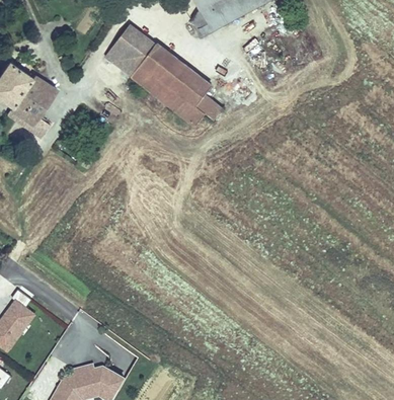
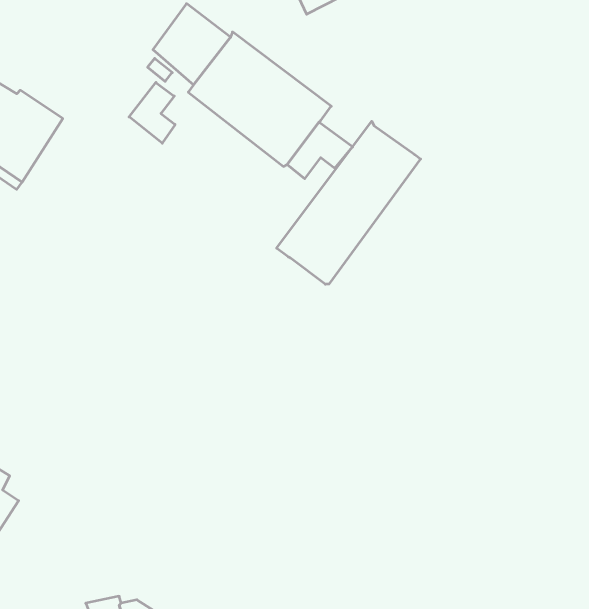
building: none -> [129,82,175,143]
building: none -> [277,121,421,284]

